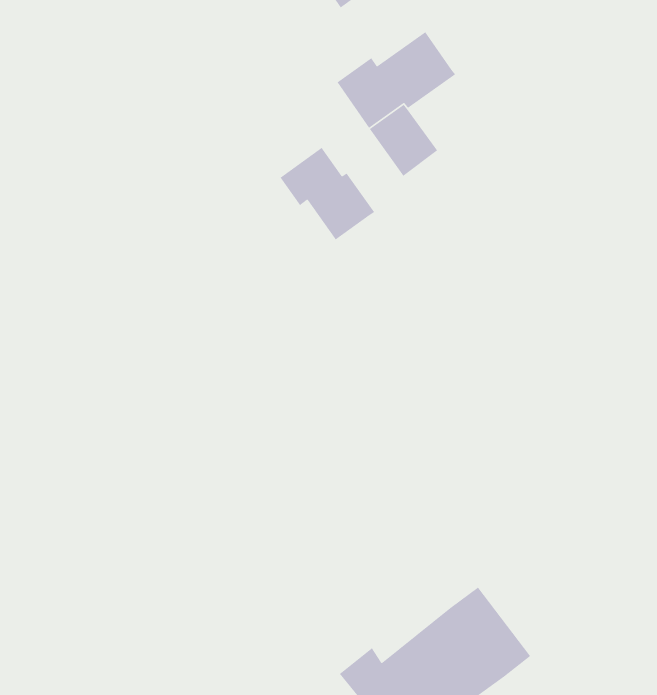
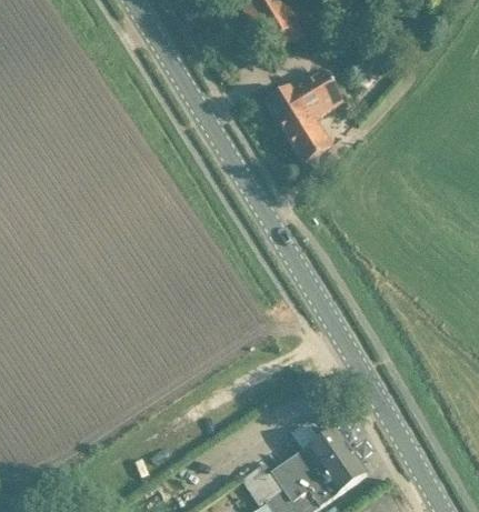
building: [279,147,375,240] -> none

